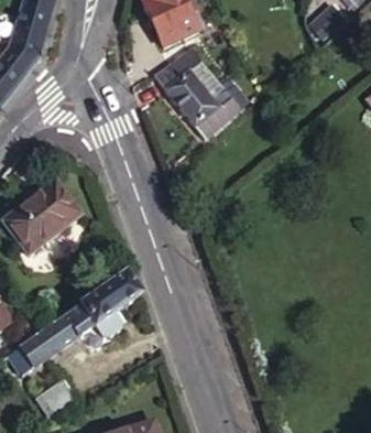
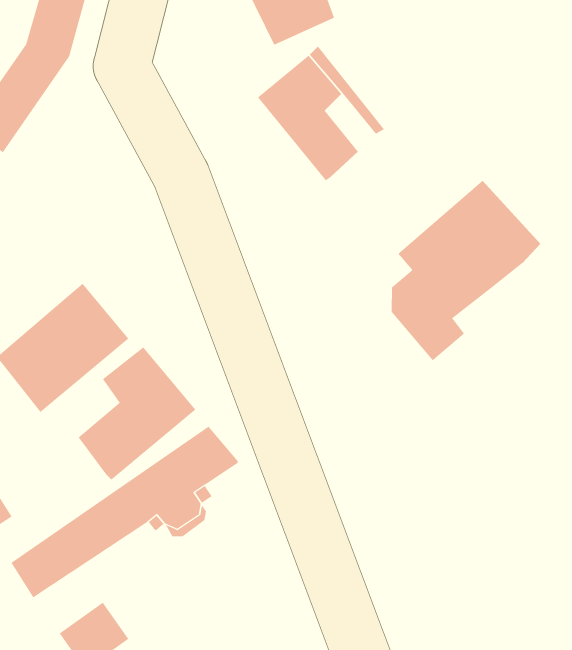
building: [195,74,239,133] -> none
building: none -> [391,180,541,361]
building: none -> [78,346,196,481]

